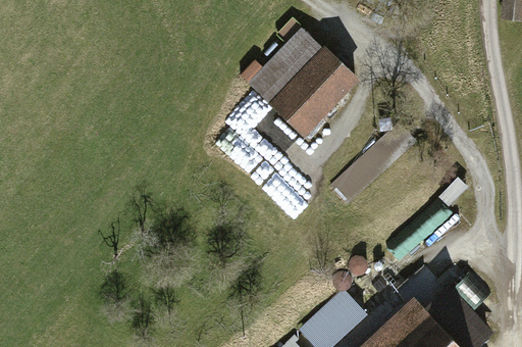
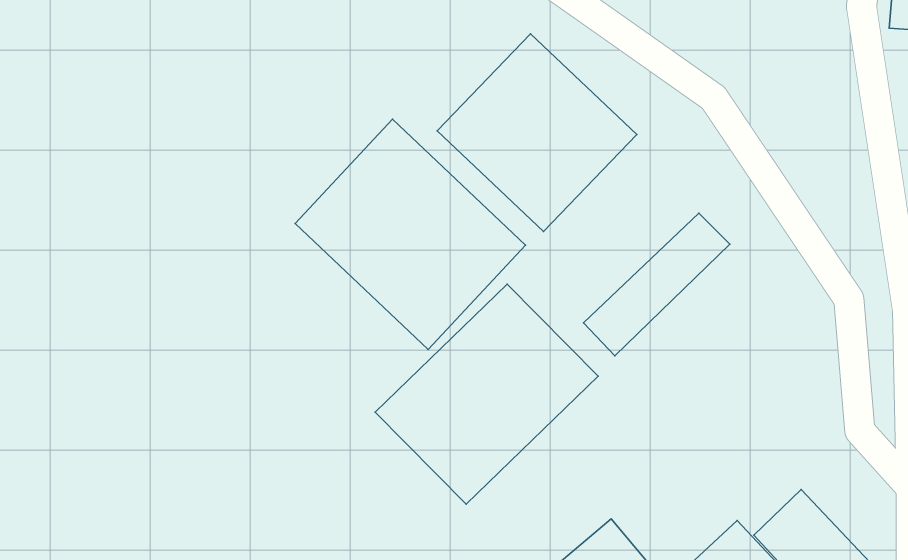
building: none -> [295,119,525,350]
building: none -> [375,284,598,504]

